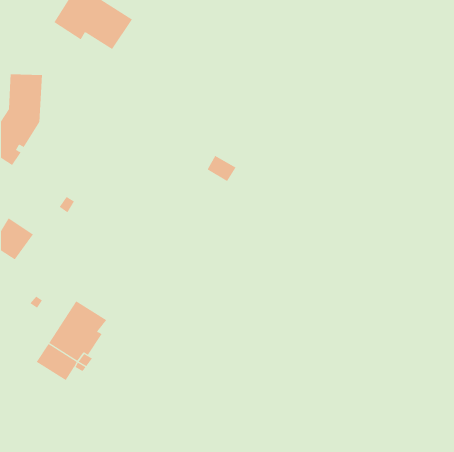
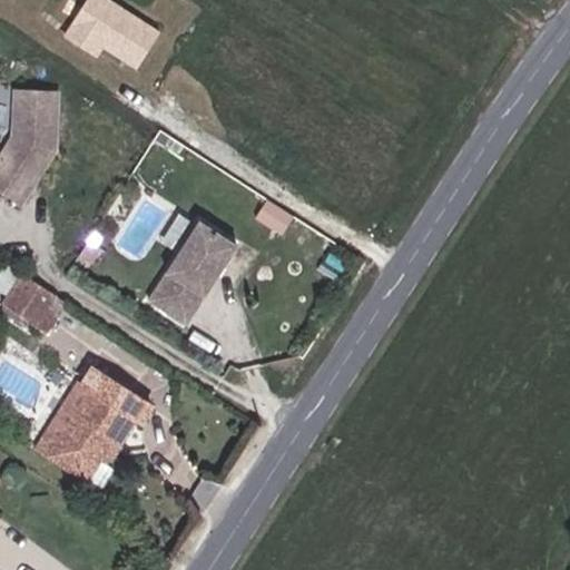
building: none -> [144,224,232,326]

